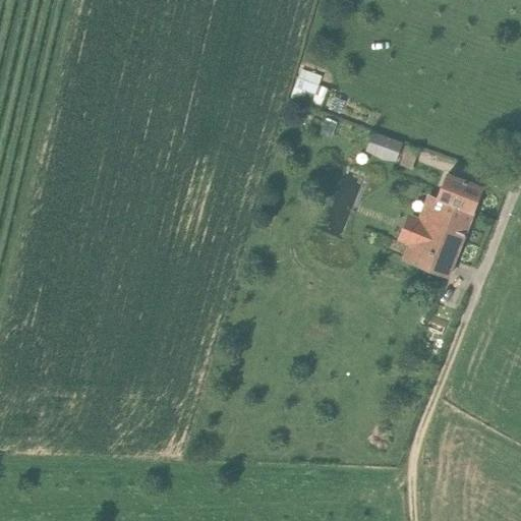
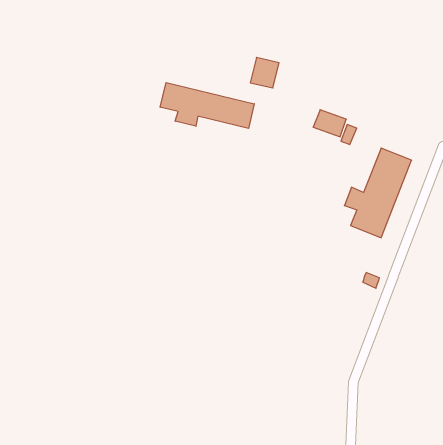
building: none -> [160,83,254,128]

